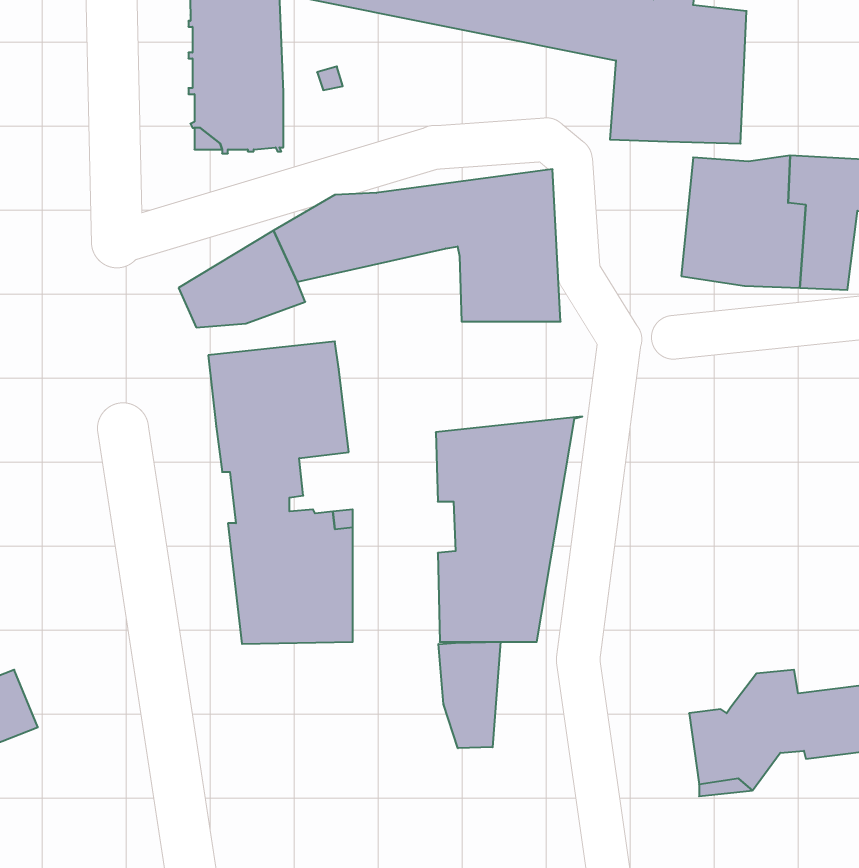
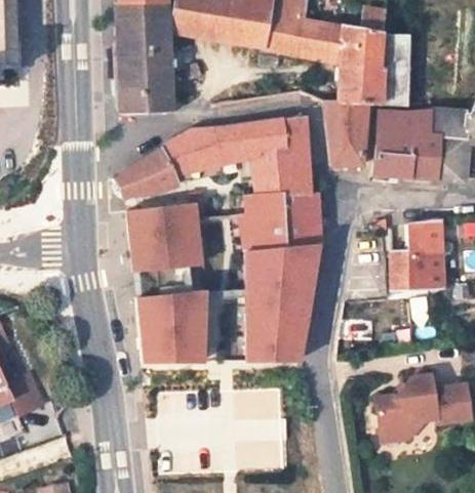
building: none -> [325,99,366,162]
building: none -> [240,194,322,252]
building: none -> [392,223,443,293]
building: [438,642,501,748] -> none

